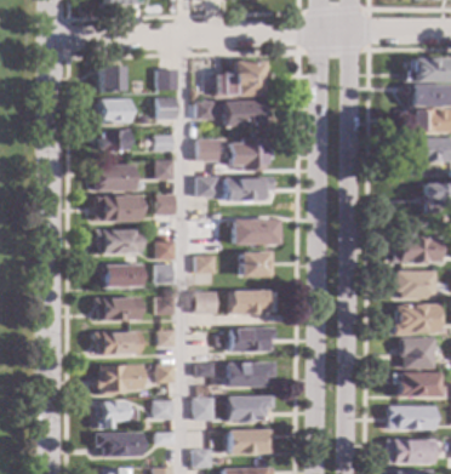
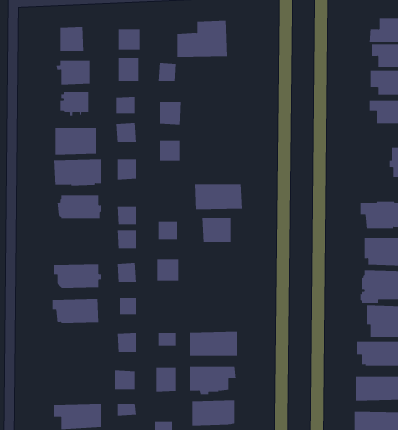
building: [224,99,269,126] -> none
building: [223,137,272,170] -> none
building: [224,176,273,200] -> none
building: [98,263,142,287] -> none
building: [229,289,276,314] -> none
building: [229,326,275,352] -> none
building: [96,364,143,394] -> none
building: [97,400,137,428] -> none

